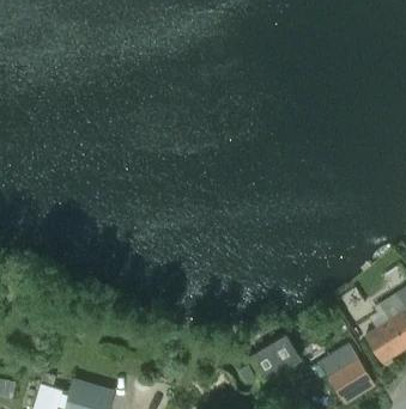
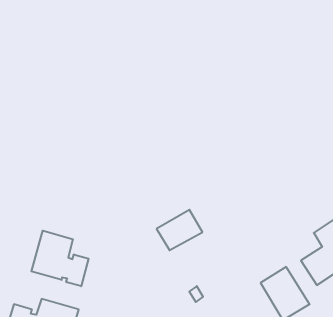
building: none -> [31,231,89,286]
building: [249,335,301,380] -> [157,210,202,250]

